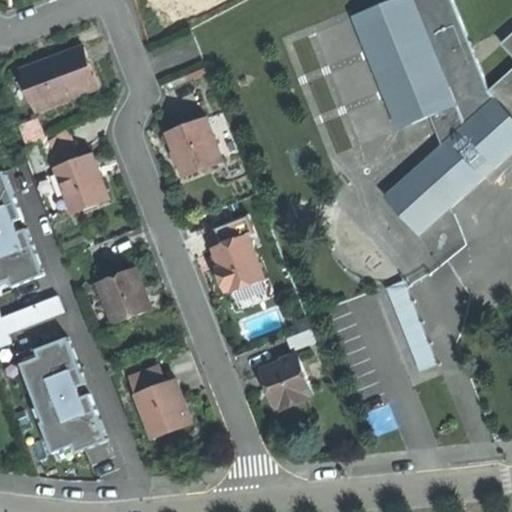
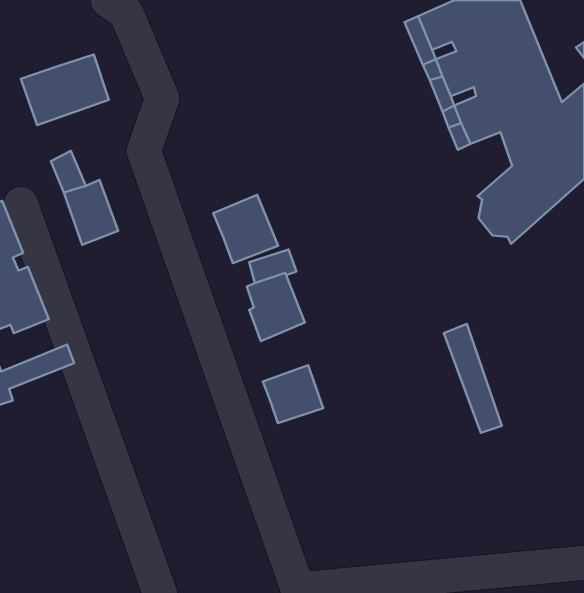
building: [164,116,220,175] -> [213,195,278,263]
building: [382,169,441,234] -> none
building: [96,268,148,323] -> none
building: [22,339,108,454] -> none
building: [256,354,308,404] -> [263,365,323,423]
building: [132,377,190,432] -> none

